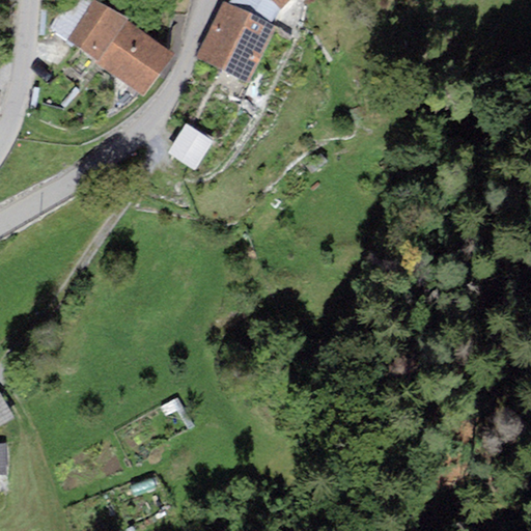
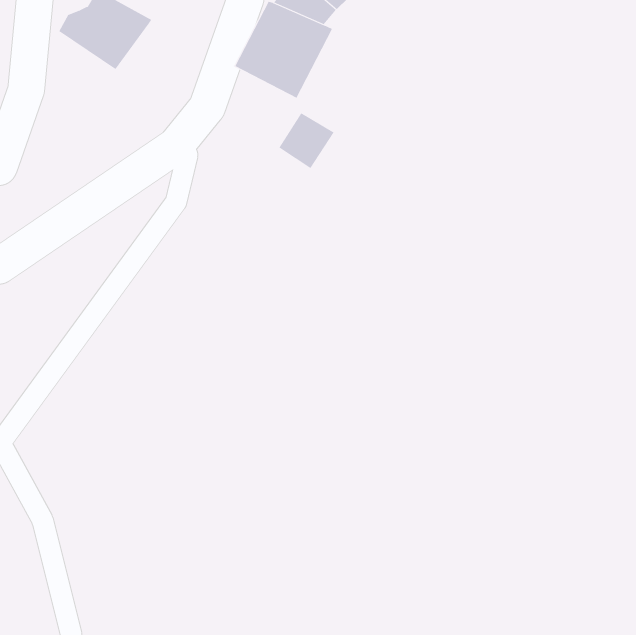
building: [94,20,174,92] -> none
building: [166,122,213,169] -> [278,113,335,169]

